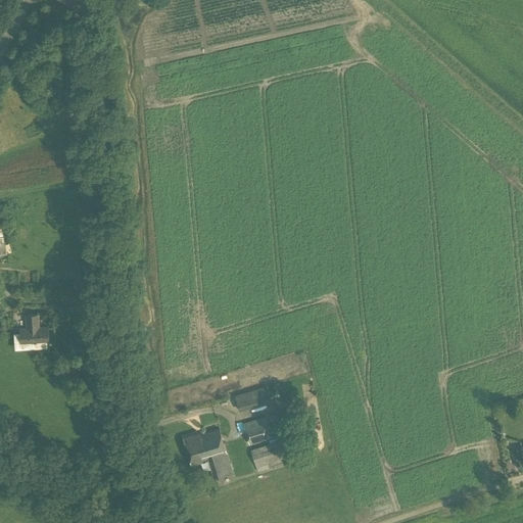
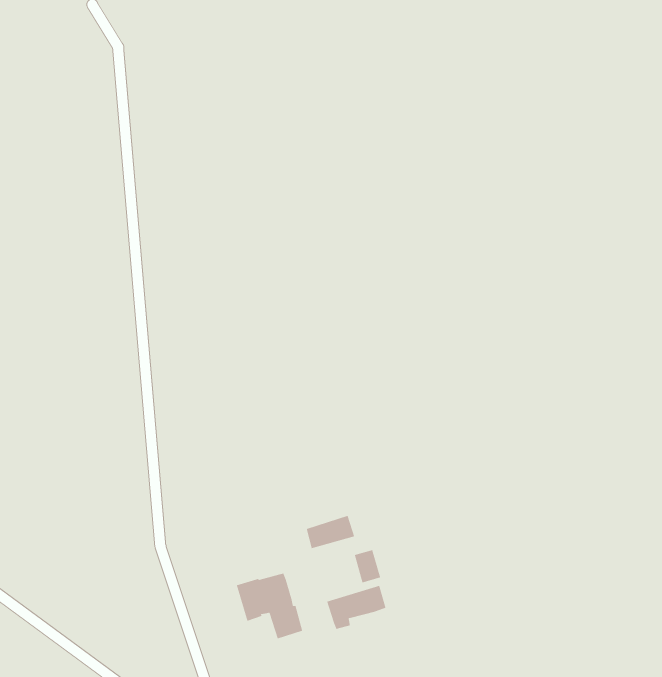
building: [19,314,47,342] -> none
building: [241,416,272,444] -> none

